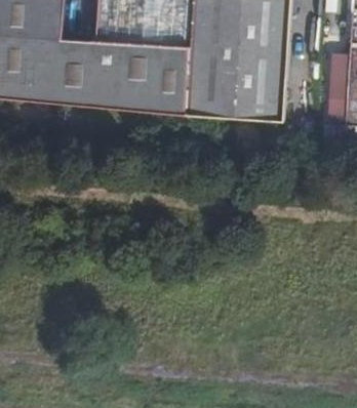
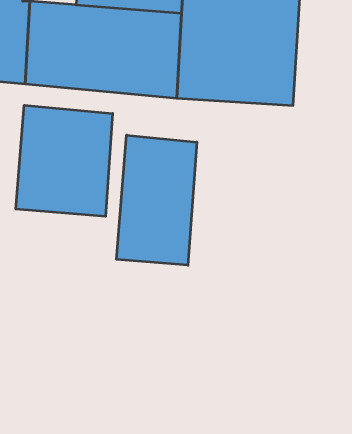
building: none -> [16,105,113,216]
building: none -> [117,135,197,265]

